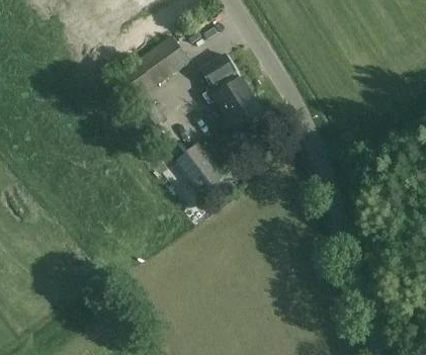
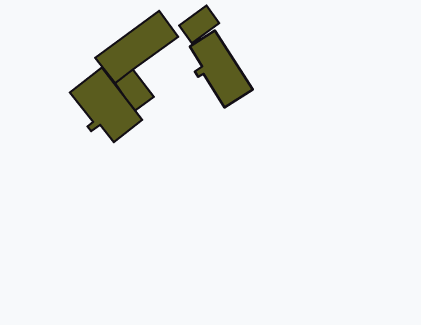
building: none -> [70,67,142,142]
building: [175,143,225,195] -> none

